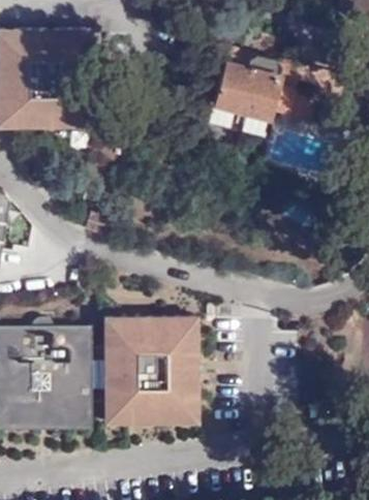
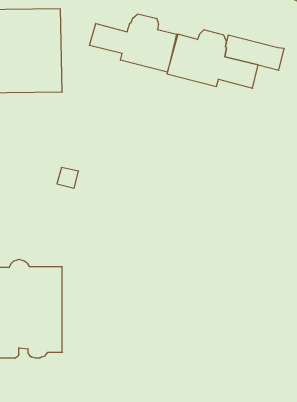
building: none -> [90,14,176,72]
building: [104,318,196,423] -> none

